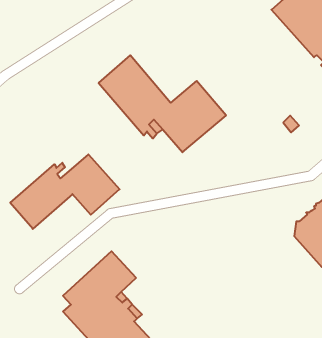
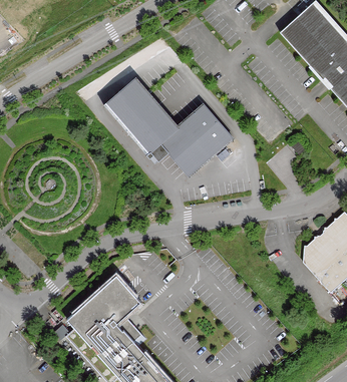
building: [10,154,120,229] -> none

